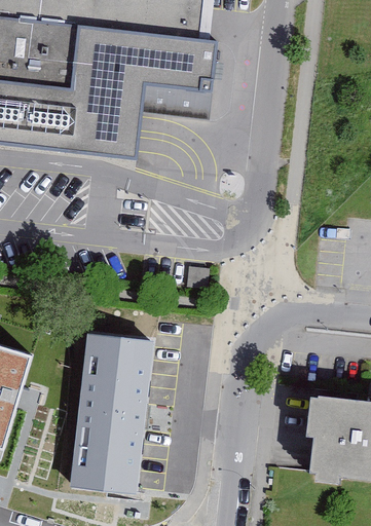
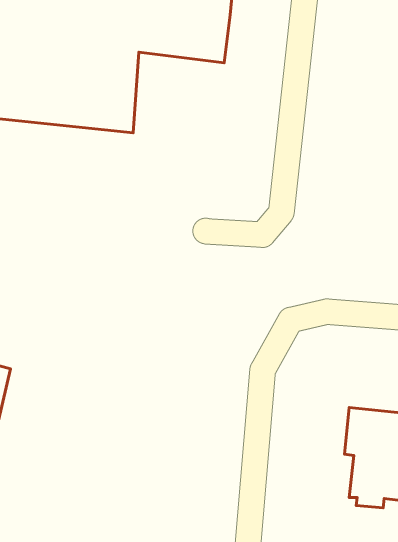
building: [70,332,153,492] -> none

